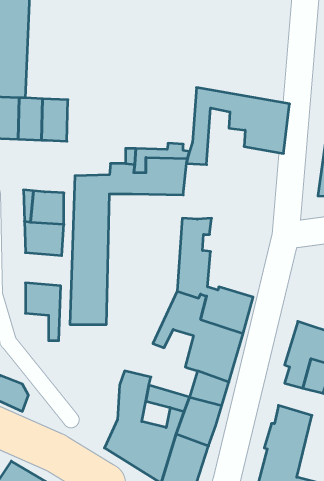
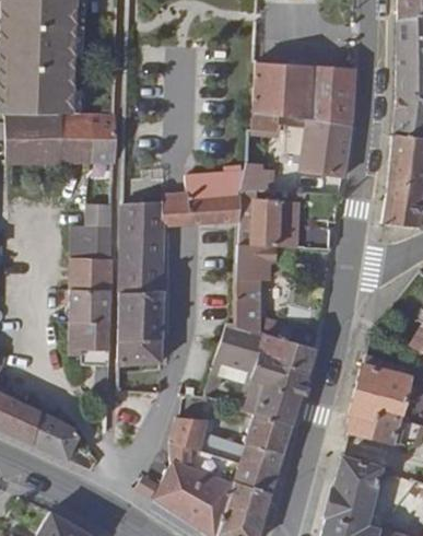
building: none -> [254,59,360,126]
building: none -> [255,202,301,250]
building: none -> [69,287,108,323]

